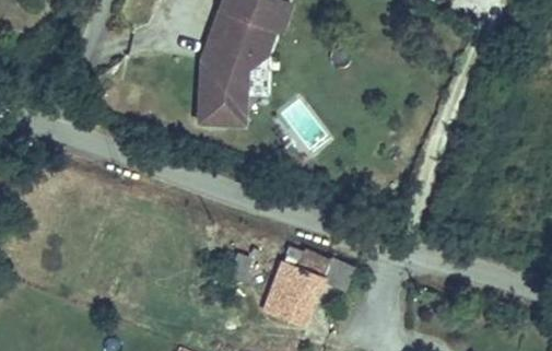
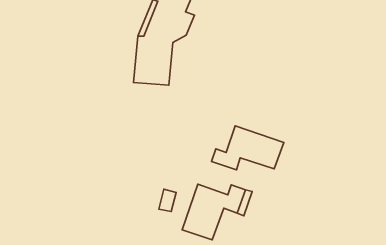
building: none -> [211,126,284,170]

